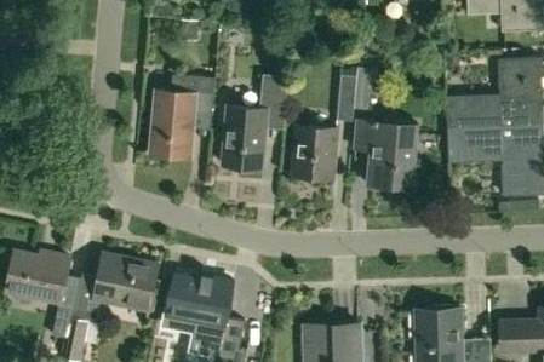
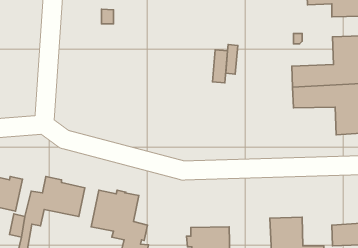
building: [150,74,216,156] -> none
building: [222,75,288,167] -> none
building: [355,119,418,183] -> none
building: [293,125,337,177] -> none

